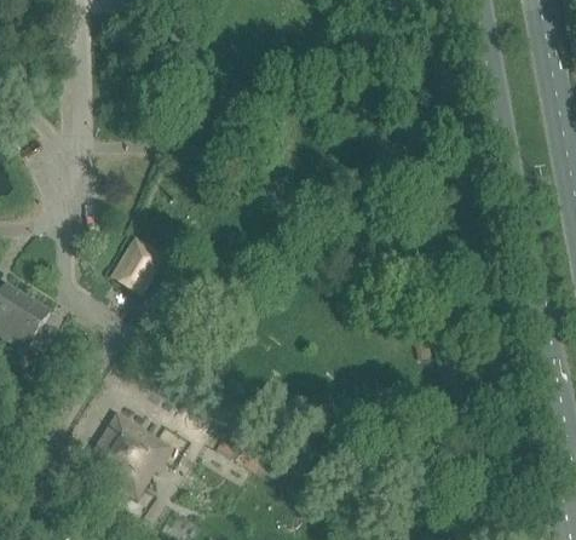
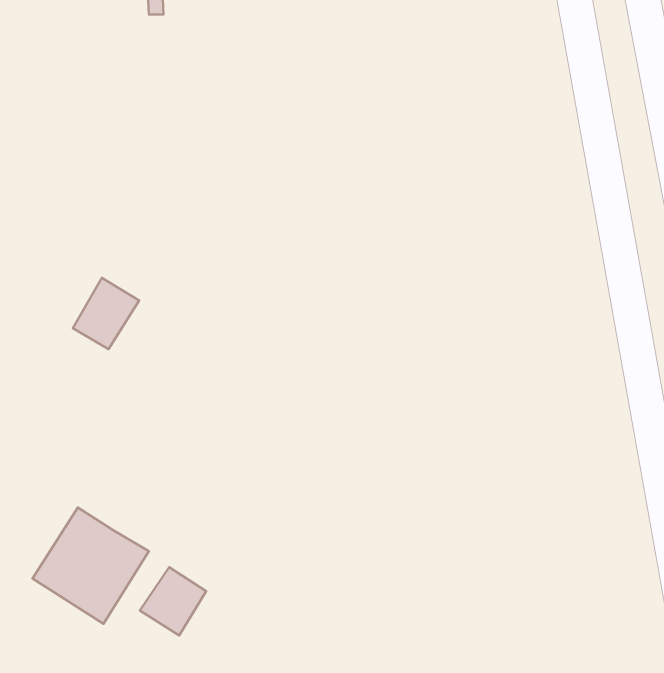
building: none -> [140,567,206,636]

